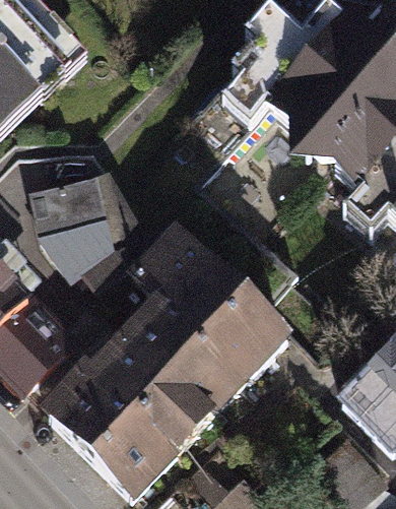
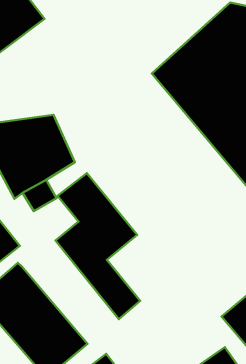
building: [156,219,290,388] -> none
building: [87,324,214,448] -> none

